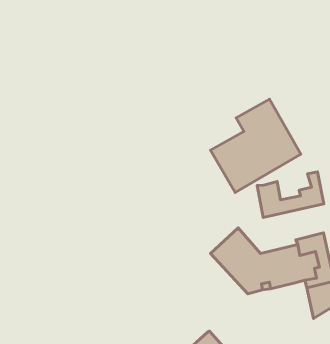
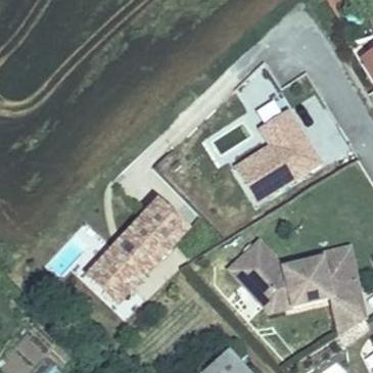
building: [257,172,324,217] -> none
building: none -> [82,194,194,307]

